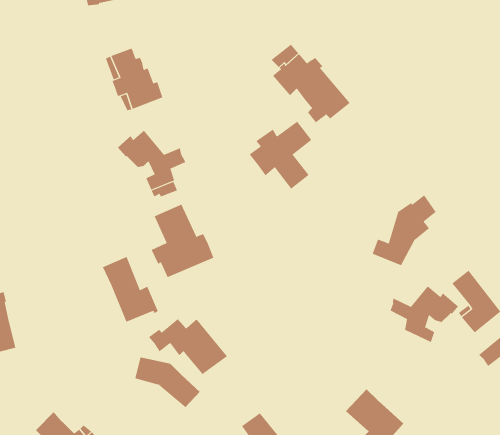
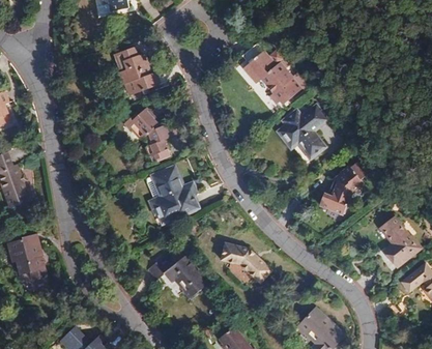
building: [249,121,312,190] -> [278,105,326,157]
building: [102,256,158,322] -> none
building: [390,286,459,343] -> none
building: [134,357,200,408] -> [221,242,271,282]

